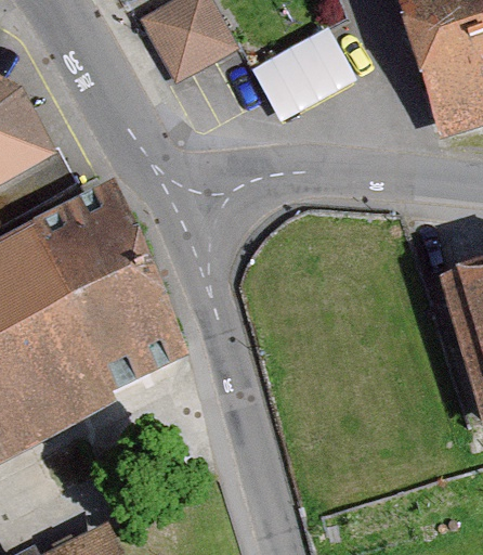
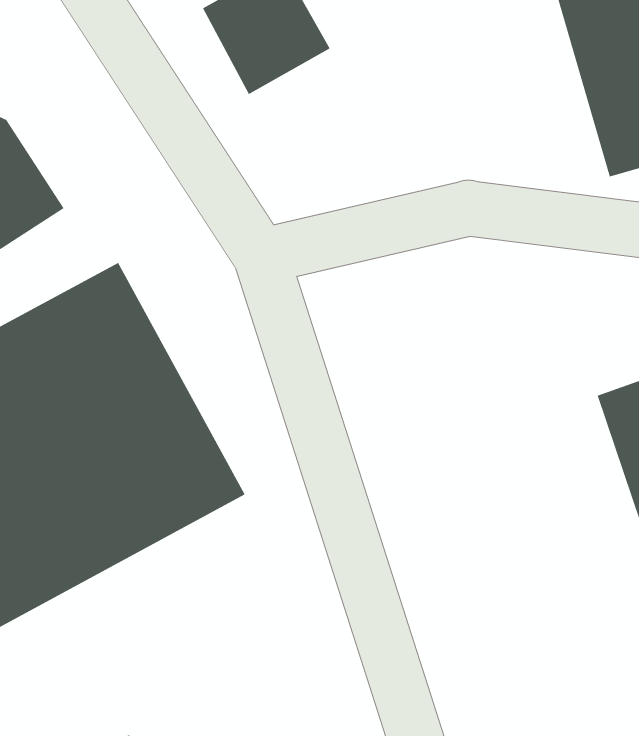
building: [269,16,370,108] -> none

